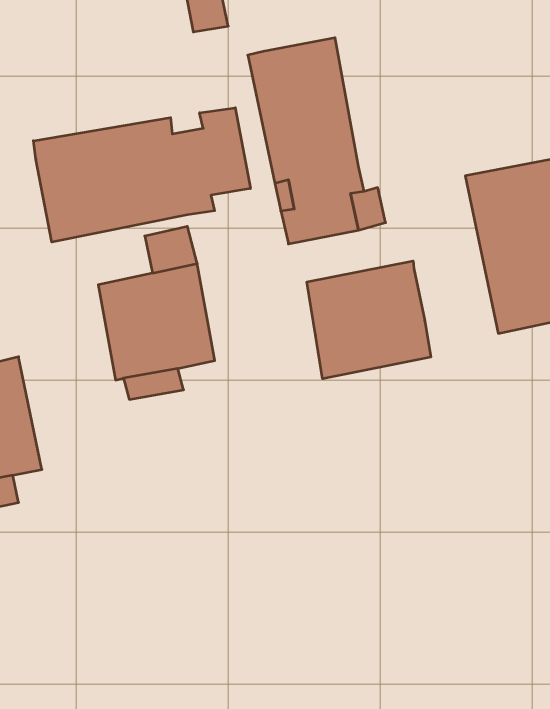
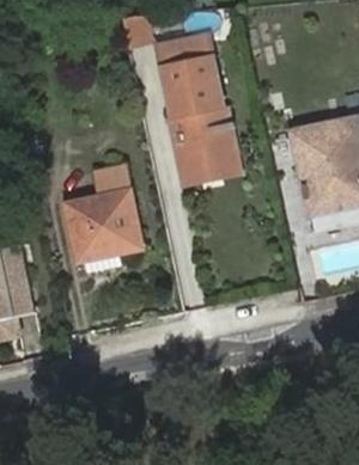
building: [33,108,250,242] -> none
building: [307,261,431,379] -> none

